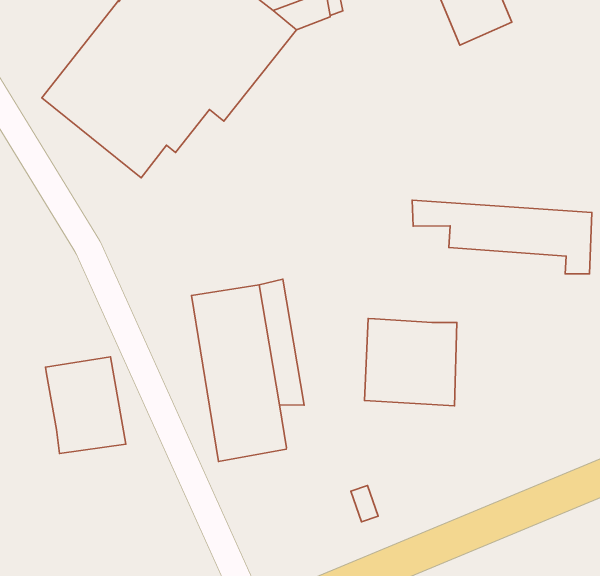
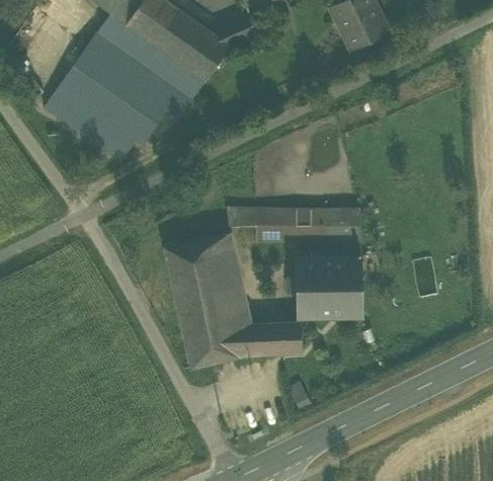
building: [412,200,592,274] -> [226,209,360,256]
building: [45,357,126,453] -> none
building: none -> [233,321,302,355]

